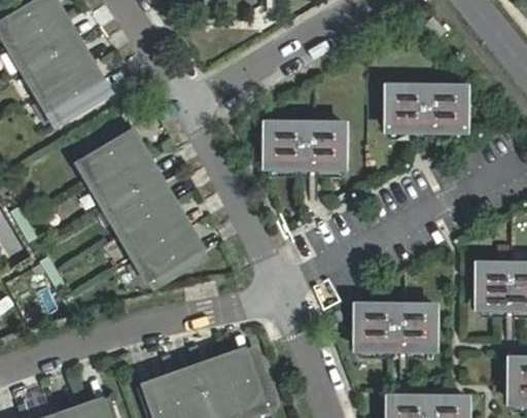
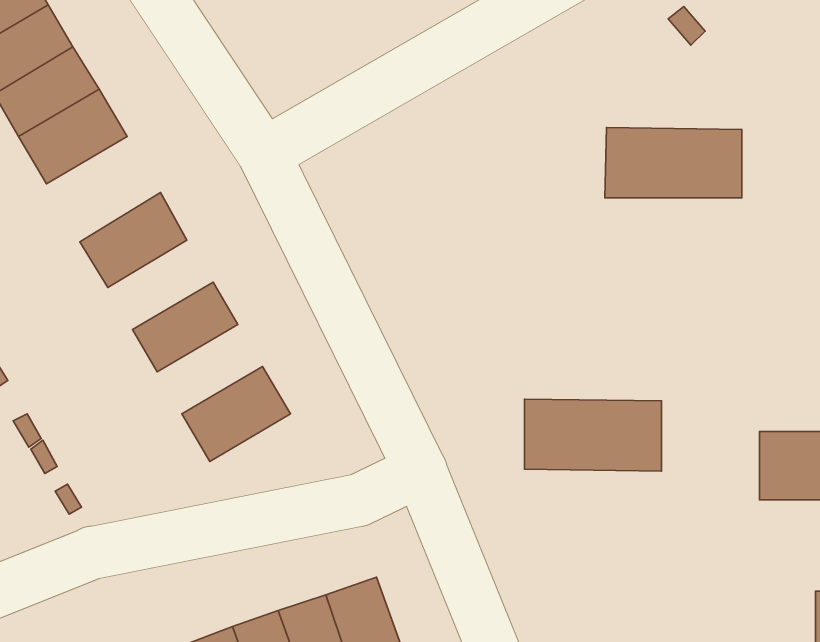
building: [266,126,346,167] -> none
building: [96,154,157,207] -> none
building: [125,204,186,256] -> none
building: [356,307,436,349] -> [525,399,662,471]

